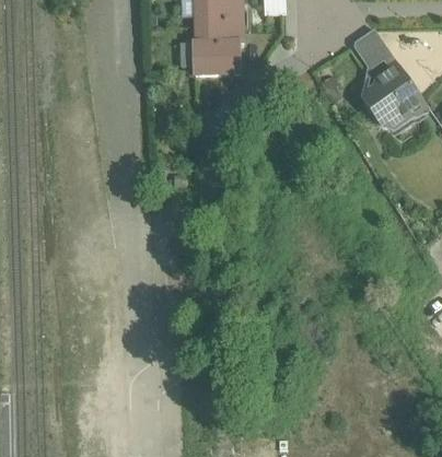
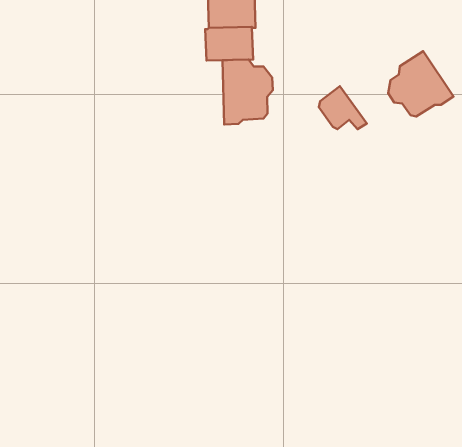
building: [354,30,399,70] -> [319,86,367,129]
building: none -> [222,59,273,125]

